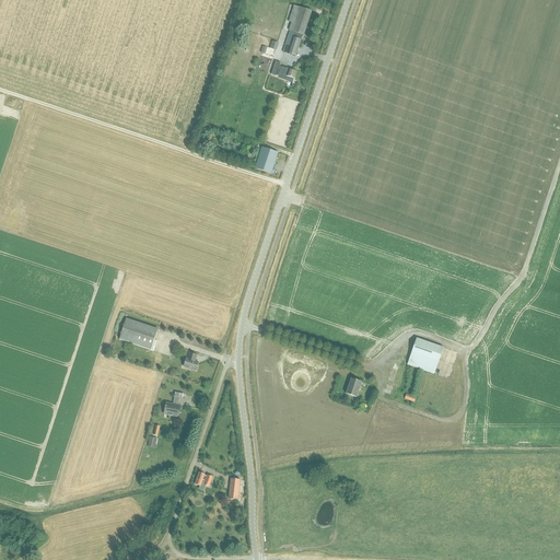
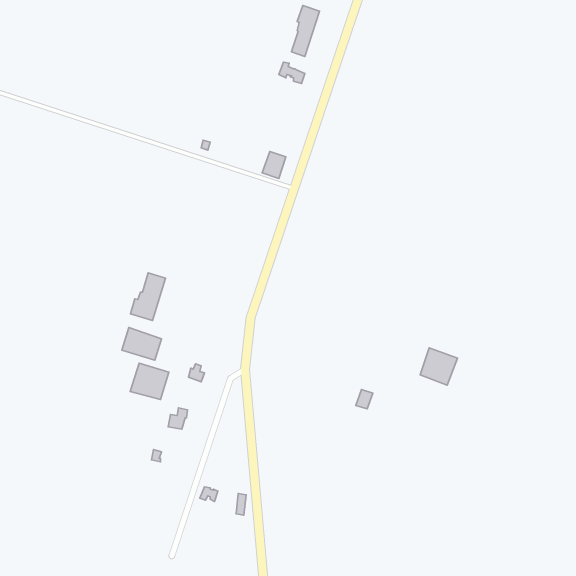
building: none -> [131,273,166,321]
building: none -> [130,363,169,399]

